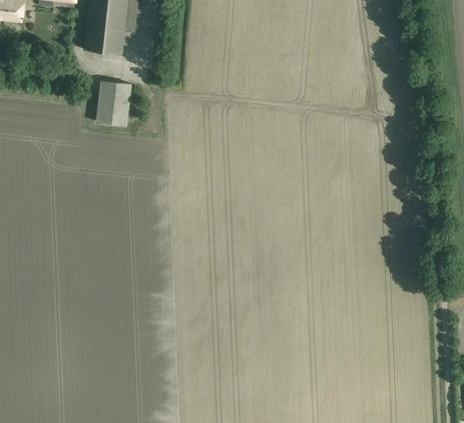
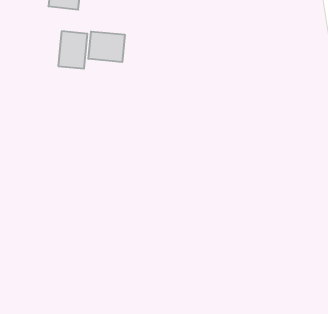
building: none -> [88,31,125,62]

